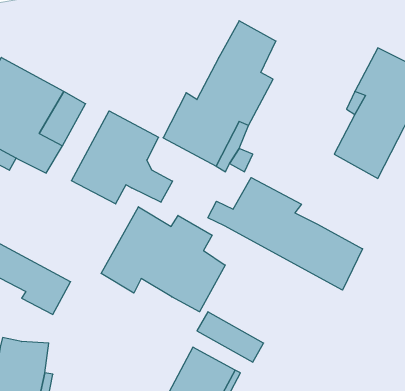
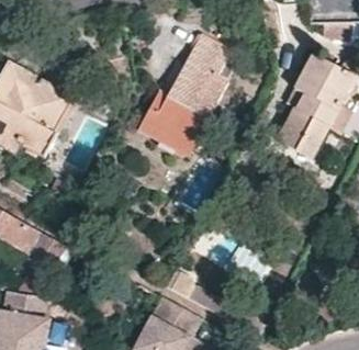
building: [71,111,173,204] -> none
building: [208,178,363,290] -> none
building: [101,207,225,312] -> none

